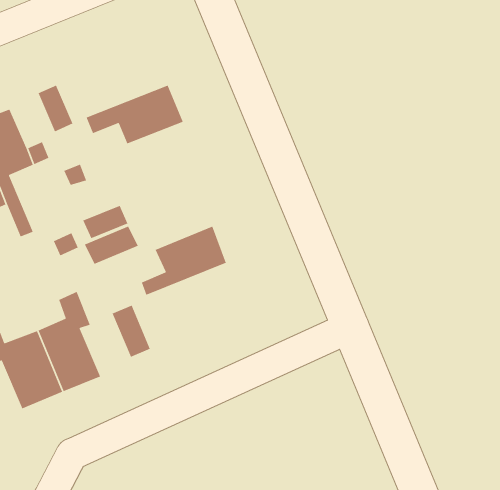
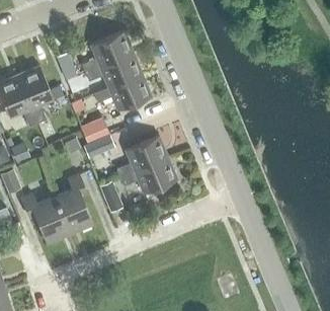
building: none -> [81,30,133,71]
building: none -> [93,74,151,110]
building: none -> [119,157,177,193]

